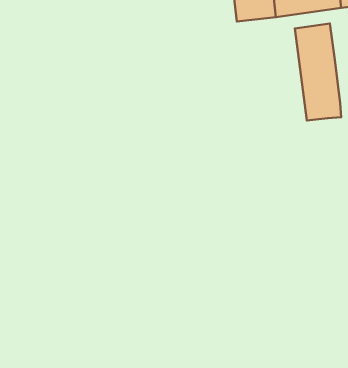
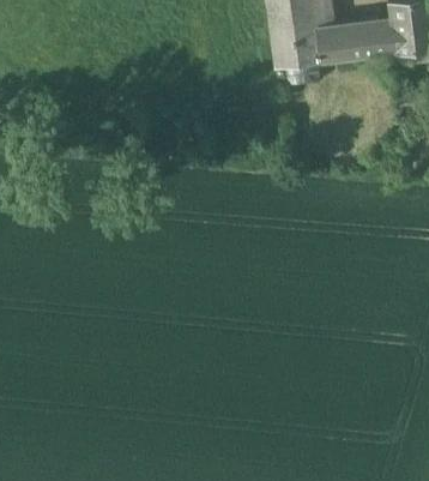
building: [295,23,341,120] -> none

